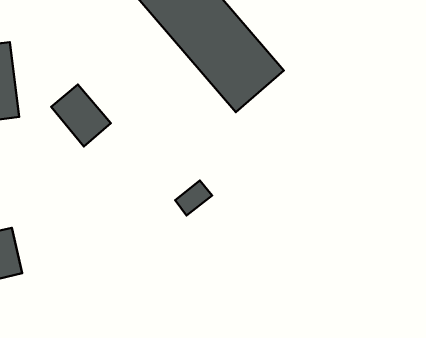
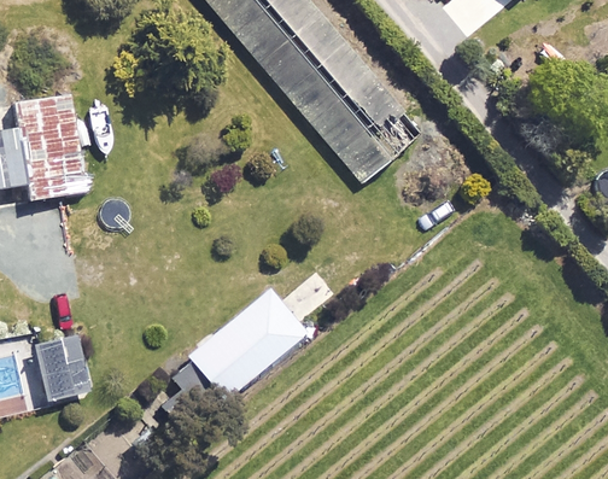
building: [51,84,111,146] -> none
building: none -> [166,288,305,416]

